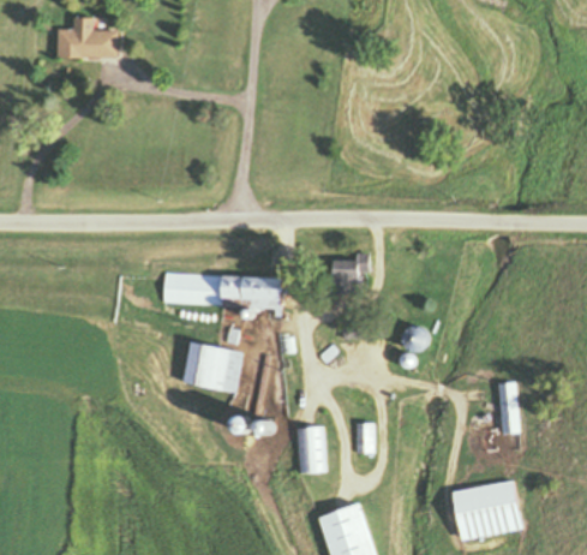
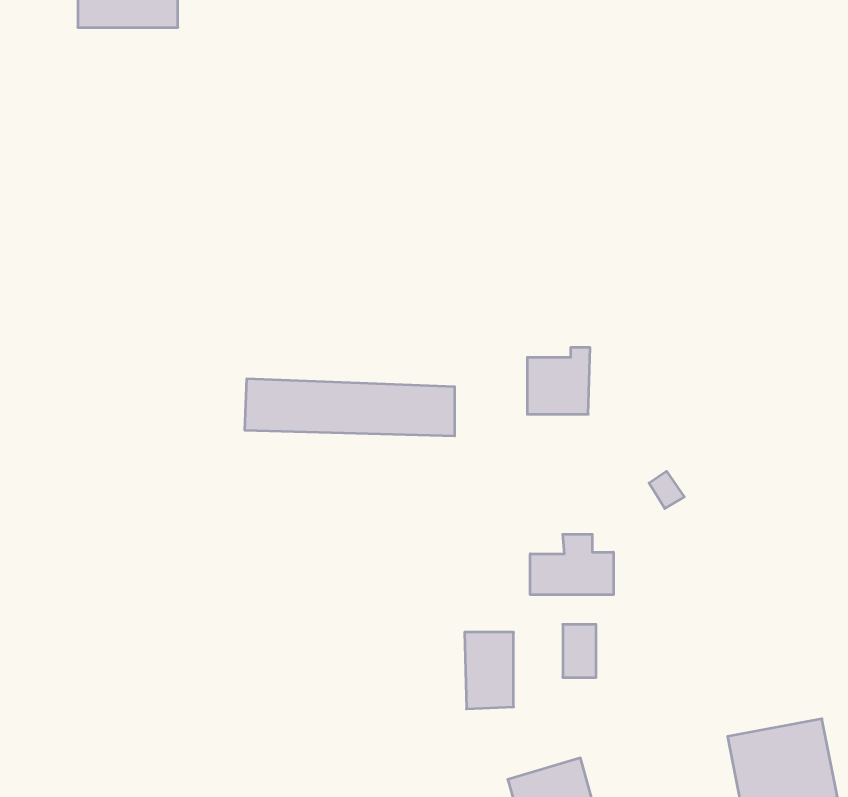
building: [181,341,244,393] -> none
building: none -> [530,534,613,595]
building: [497,382,519,435] -> none

